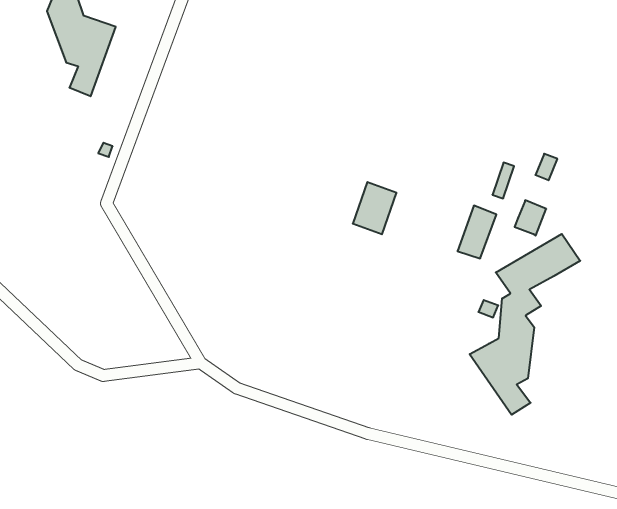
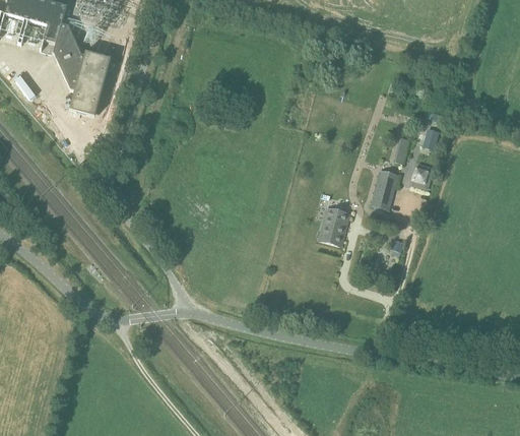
building: [353,182,397,234] -> [319,207,349,245]
building: [470,234,580,415] -> none

